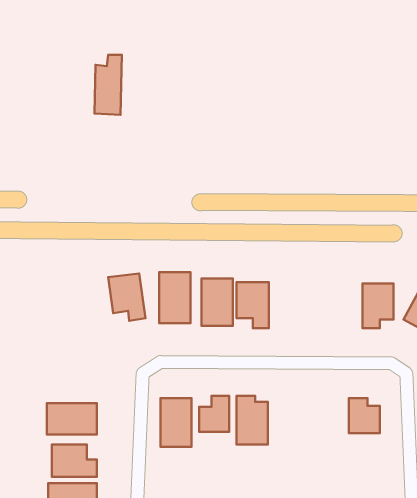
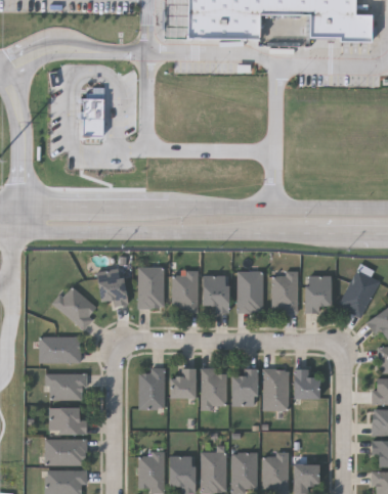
building: none -> [239,270,263,312]
building: none -> [272,270,298,312]
building: none -> [53,283,99,328]
building: none -> [39,336,81,363]
building: none -> [232,367,258,406]
building: none -> [263,369,289,410]

